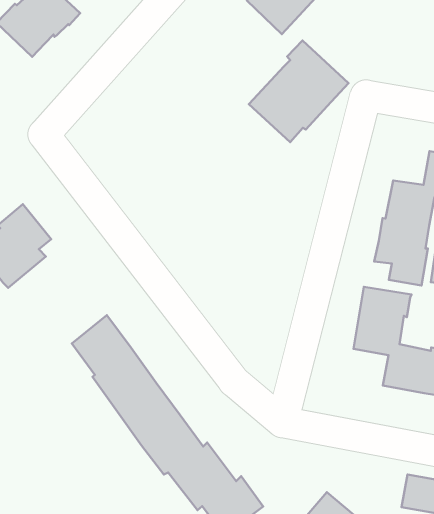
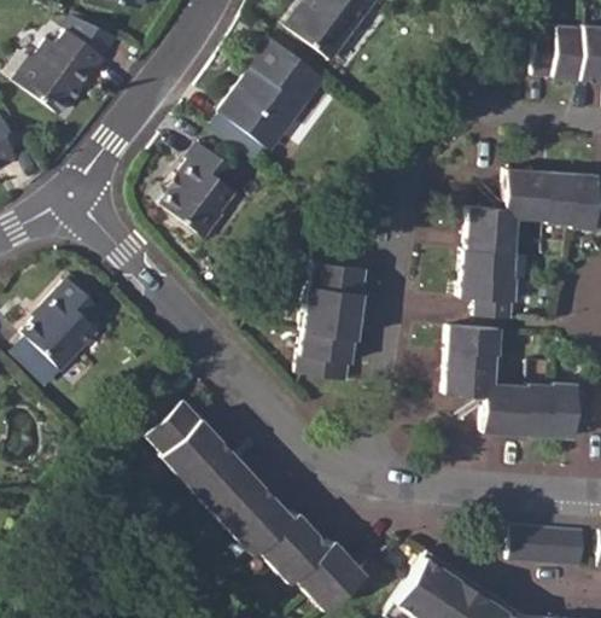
building: [249,40,349,142] -> [220,36,326,148]
building: none -> [159,140,240,237]
building: none -> [297,244,366,381]

